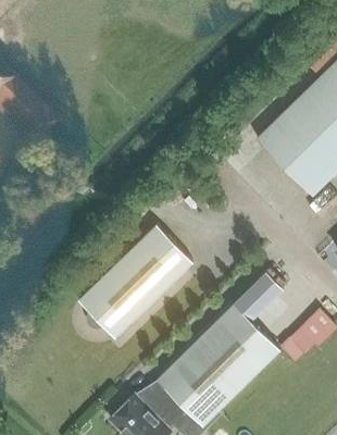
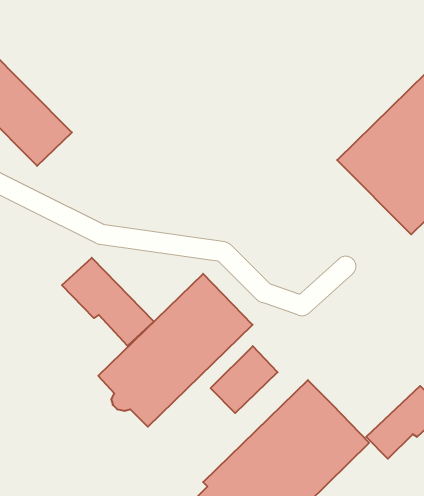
building: none -> [62,258,154,346]
building: [235,273,285,323] -> [211,346,278,413]

